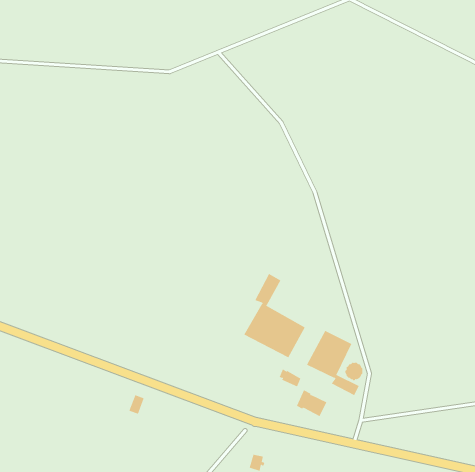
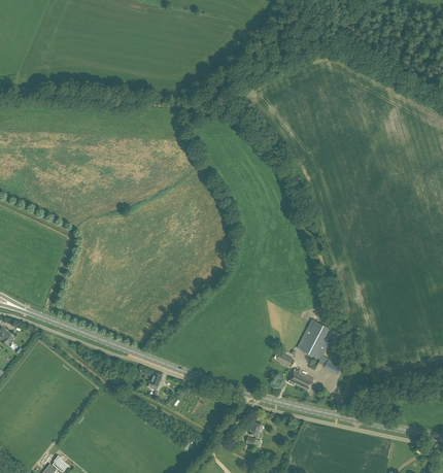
building: [243,273,306,358] -> none

